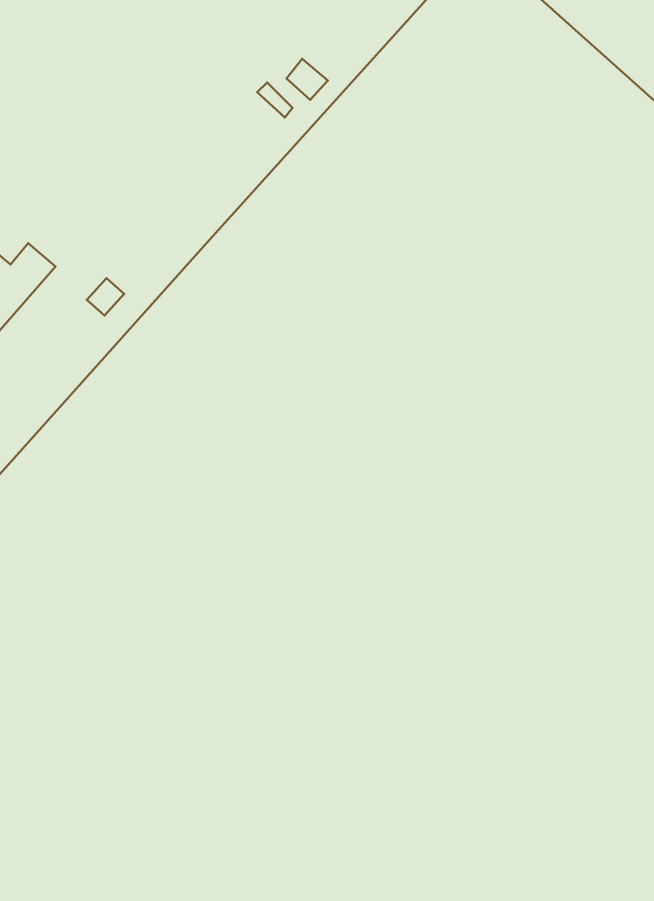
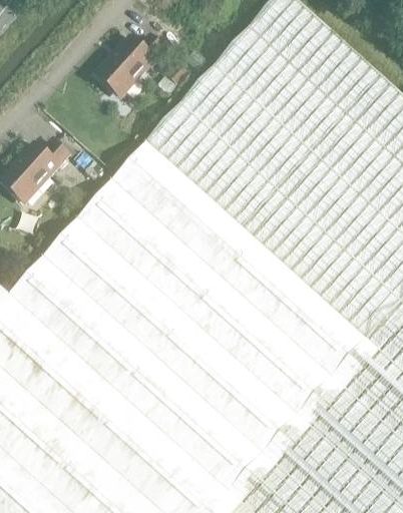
building: none -> [97,37,165,96]

